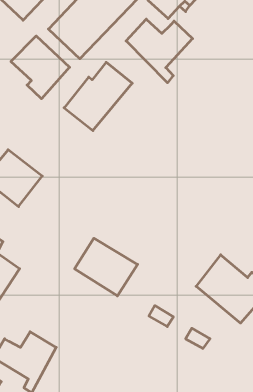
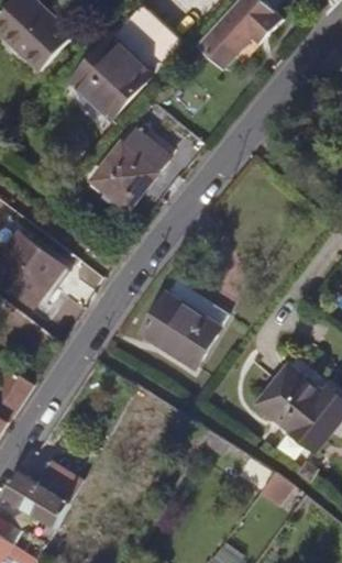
building: [126,19,193,83] -> none
building: [11,36,70,99] -> none
building: [75,238,138,296] -> [140,294,219,366]

